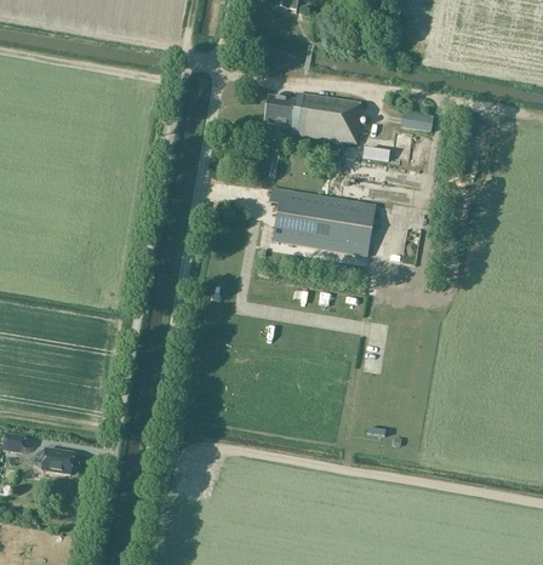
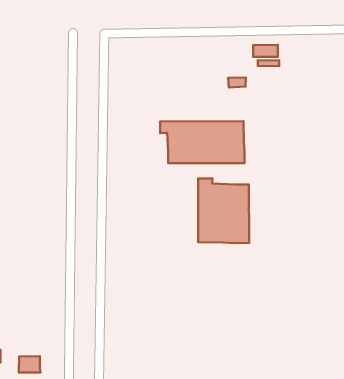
building: [267,93,362,144] -> none
building: none -> [198,178,249,243]

